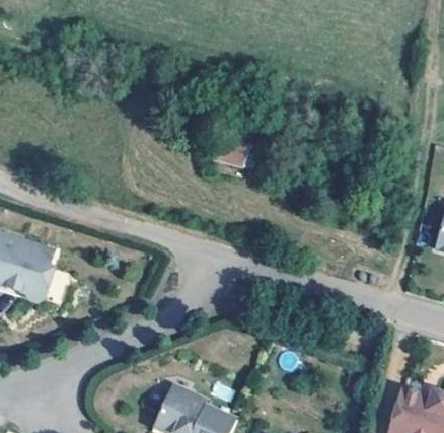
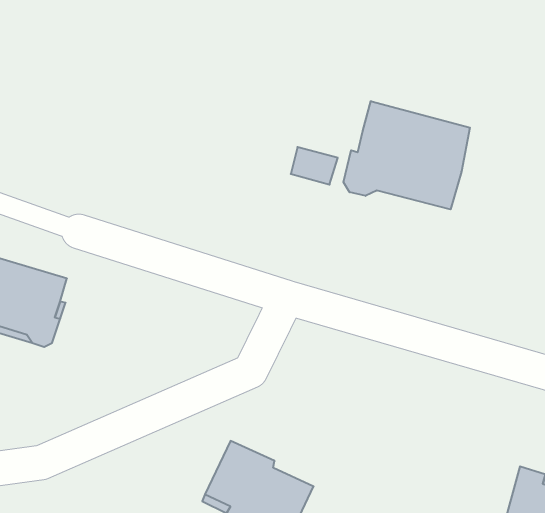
building: none -> [344,101,470,209]

